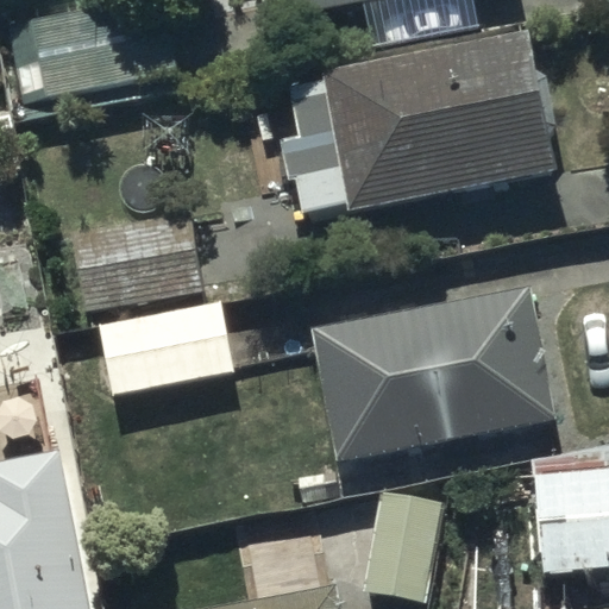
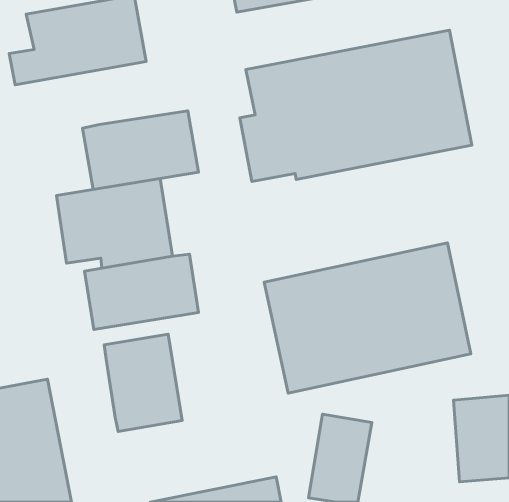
building: none -> [82,111,198,190]
building: none -> [104,334,182,431]

